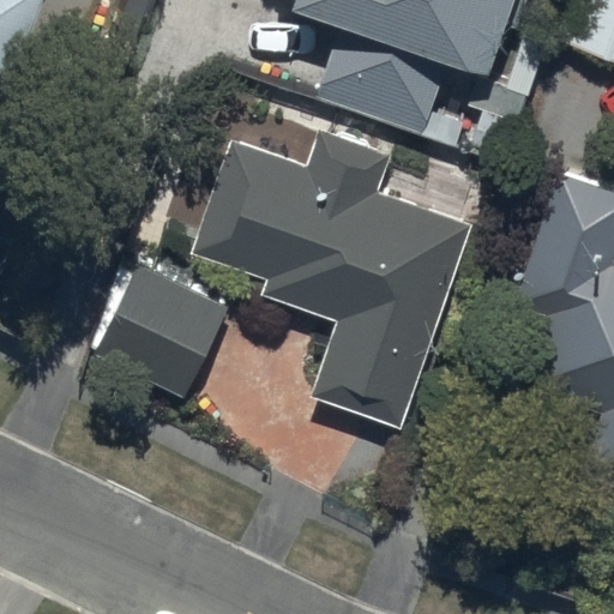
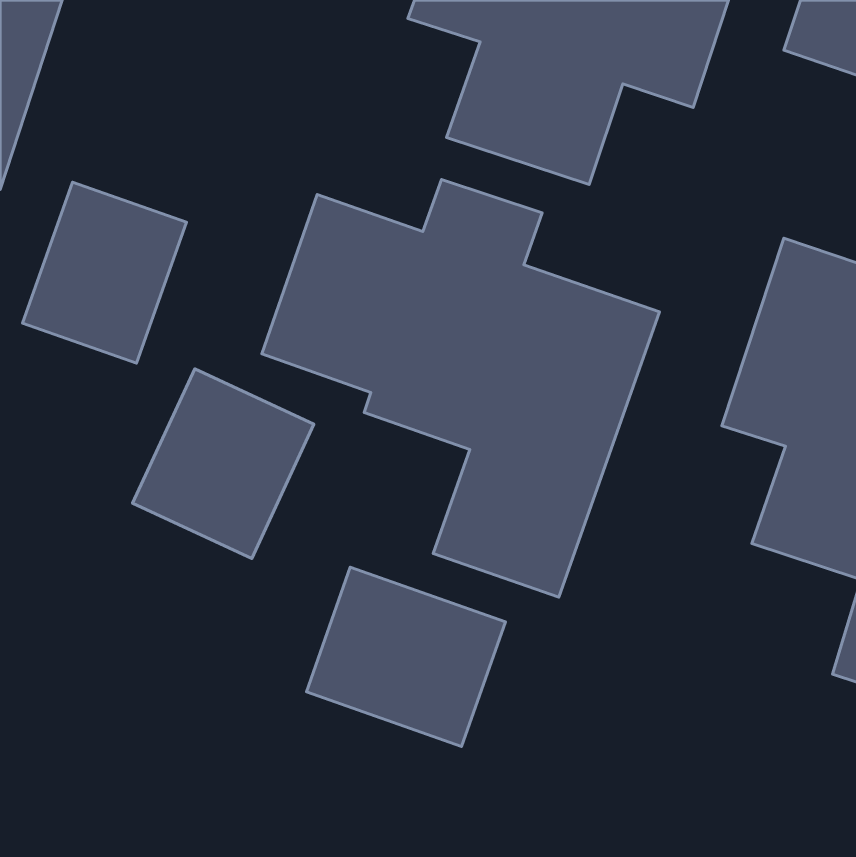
building: none -> [23,182,186,363]
building: none -> [306,567,505,747]

